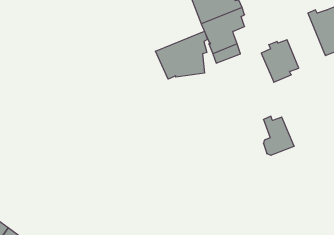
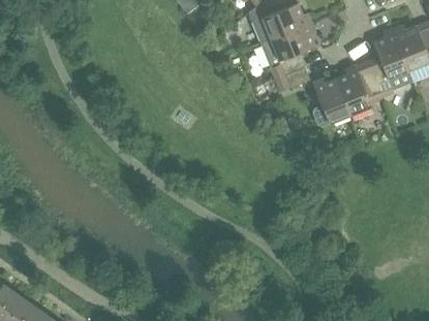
building: none -> [367,30,413,98]
building: [156,31,207,79] -> none
building: [263,116,294,155] -> [312,78,350,127]

